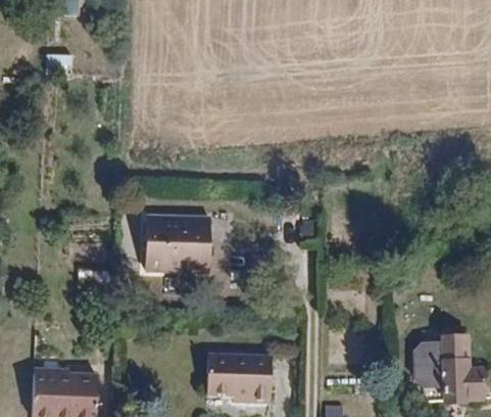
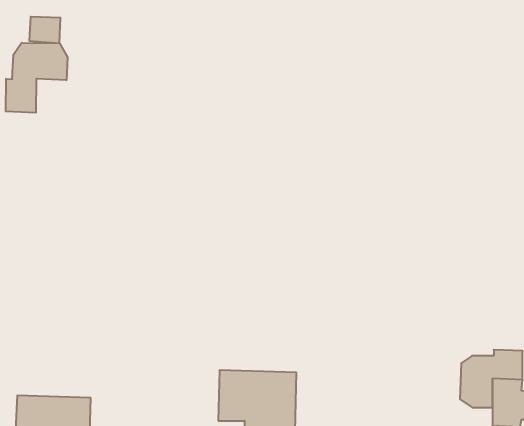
building: none -> [6,43,68,113]
building: [142,219,206,272] -> none

